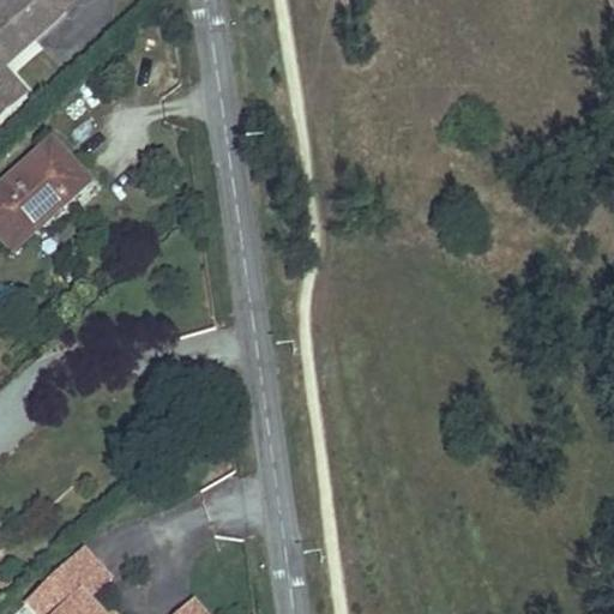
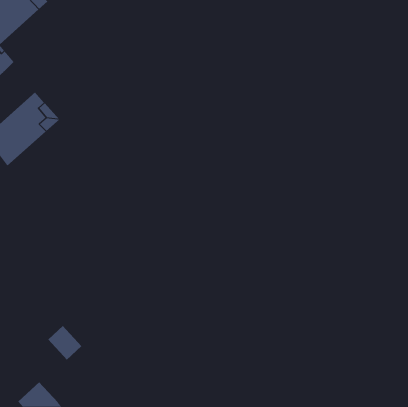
building: [59,549,110,602] -> [48,325,82,360]

